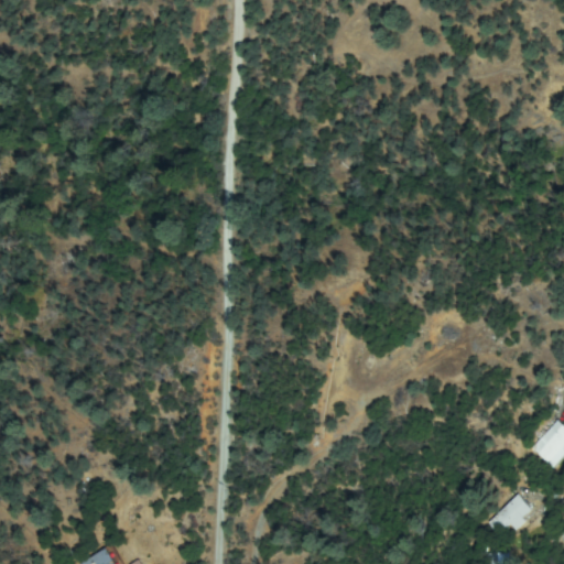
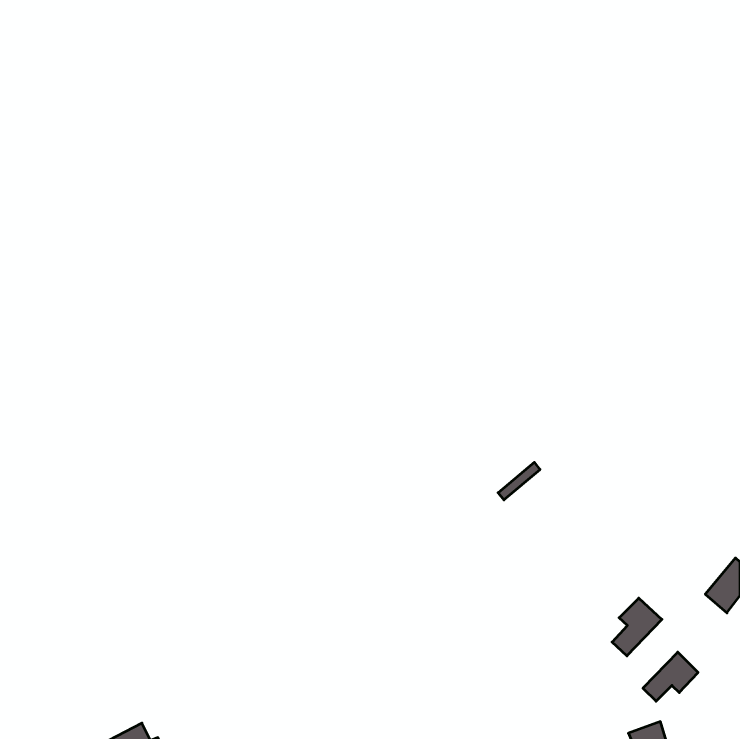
building: none -> [612,598,662,656]

